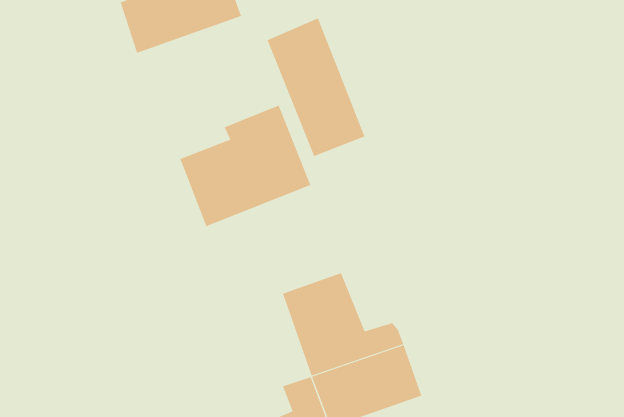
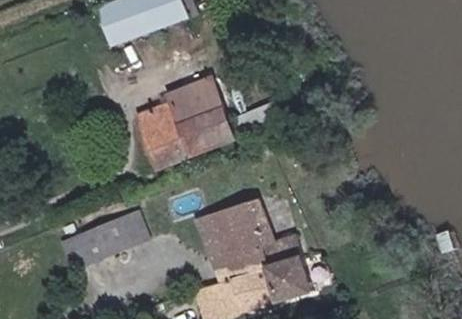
building: [267,18,365,157] -> none
building: none -> [63,211,148,268]

